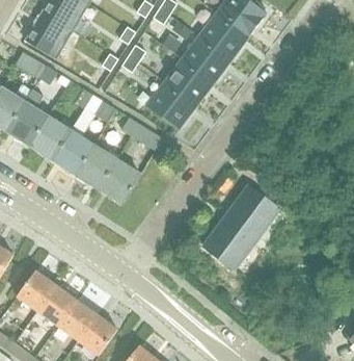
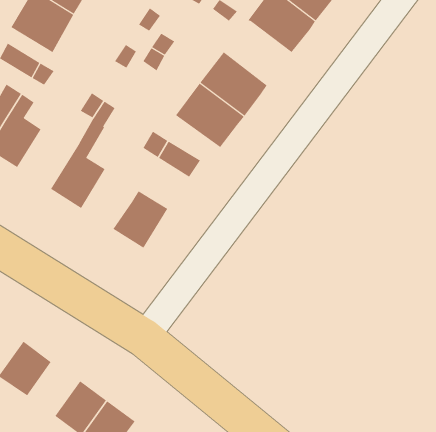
building: [181,35,230,83] -> none
building: [30,115,75,159] -> none
building: [77,145,120,188] -> none
building: [205,186,279,269] -> none
building: [37,286,76,326] -> none

